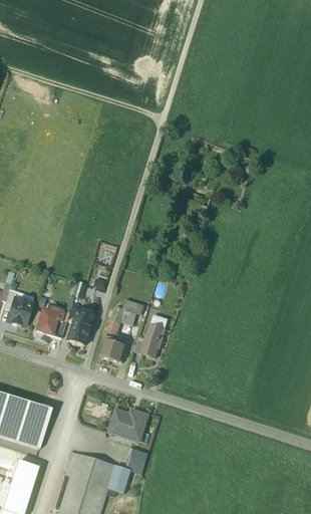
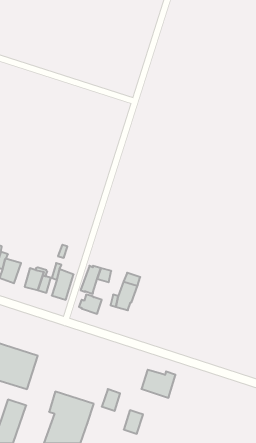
building: [108,409,147,441] -> [141,370,176,398]
building: [108,465,130,492] -> [124,410,143,434]

